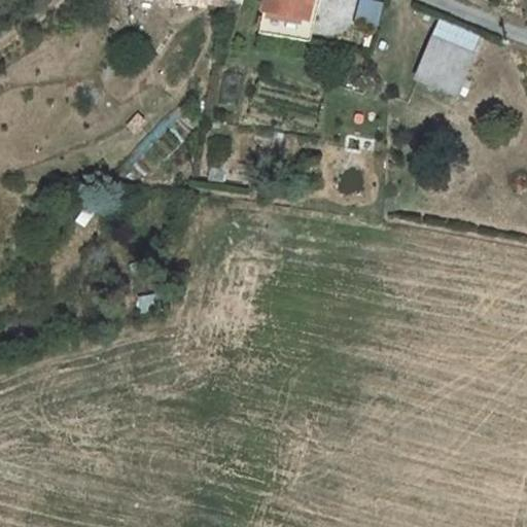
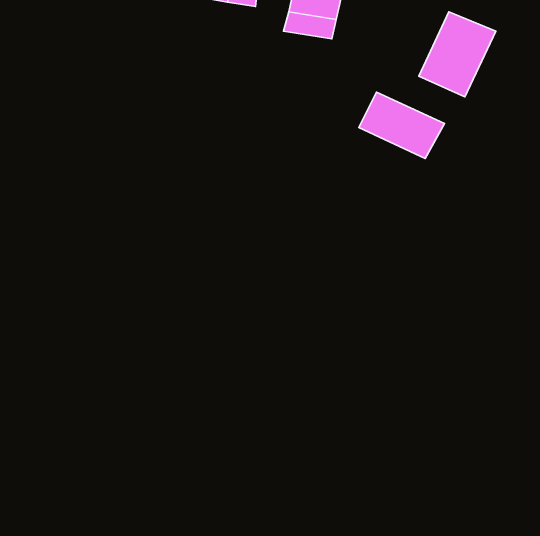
building: none -> [359,92,444,159]

